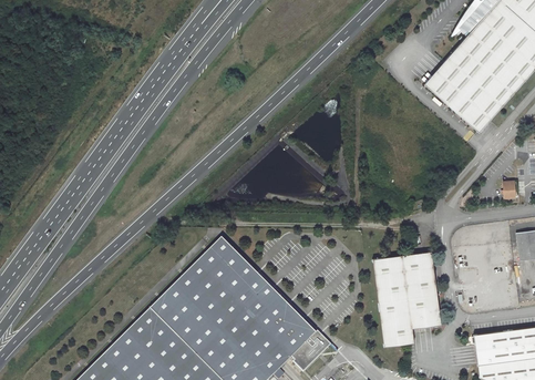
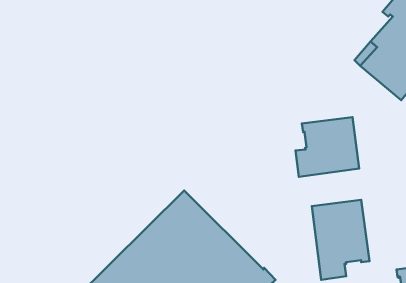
building: none -> [296,117,359,177]

